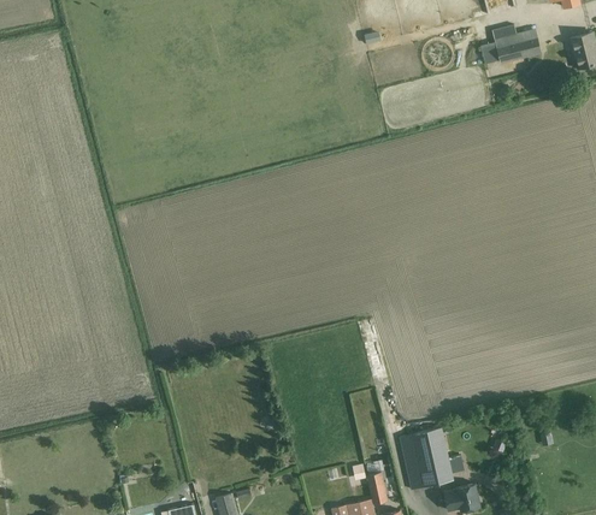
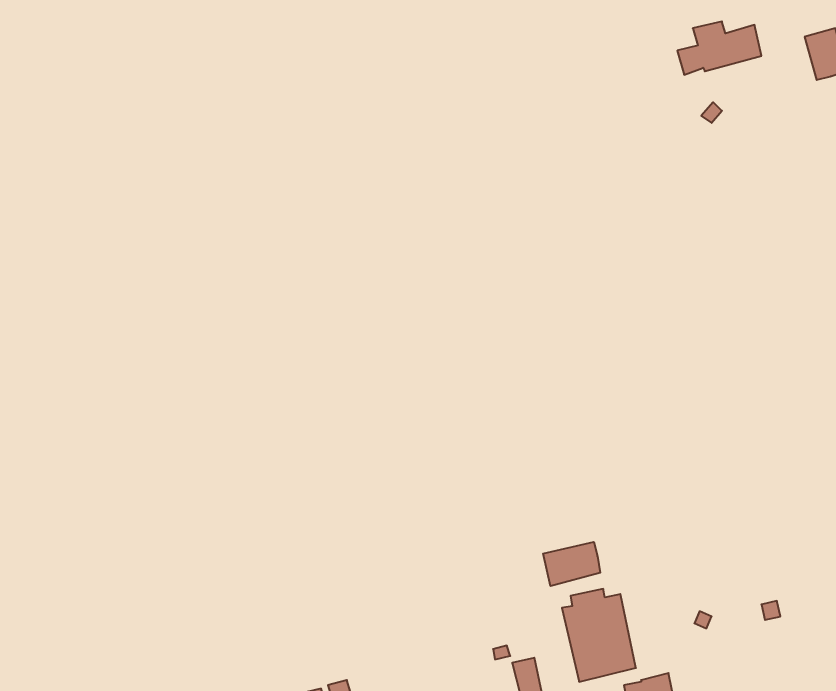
building: none -> [543,542,600,586]

